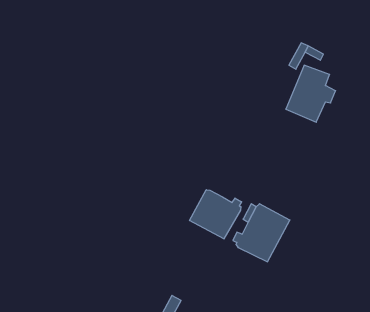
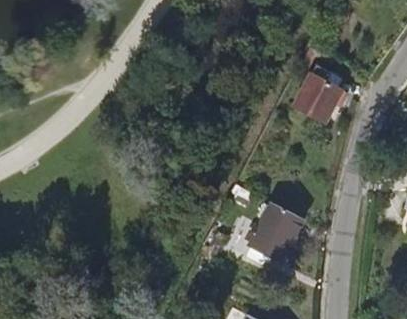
building: [190,190,242,239] -> none

